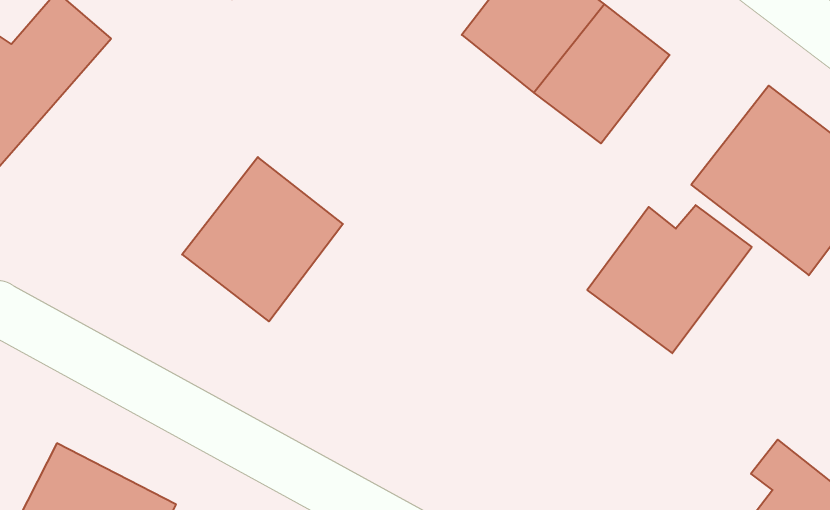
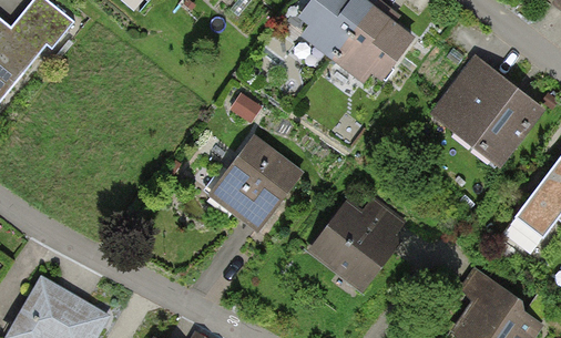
building: [182,157,343,321] -> [207,133,306,234]
building: [587,205,752,353] -> [307,197,408,288]

